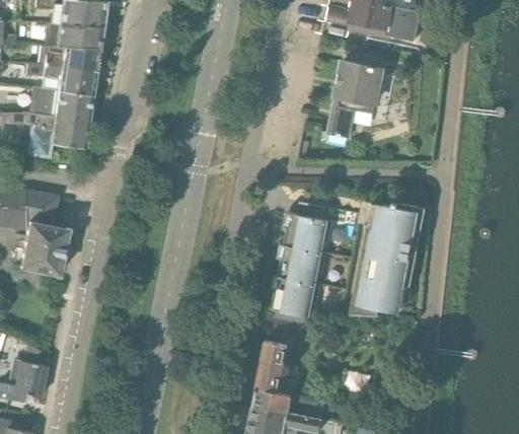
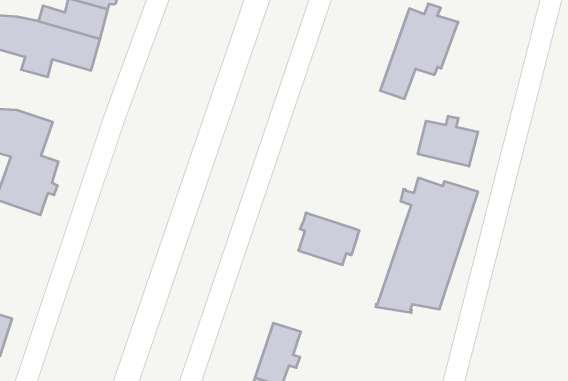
building: none -> [418,116,478,166]
building: [283,202,332,251] -> none
building: [271,275,320,316] -> none

